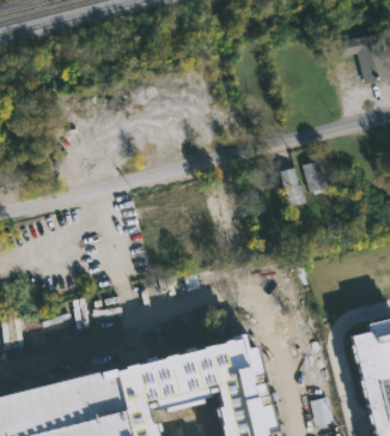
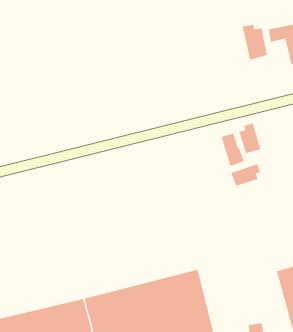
building: none -> [242,24,268,60]
building: none -> [230,163,260,186]

